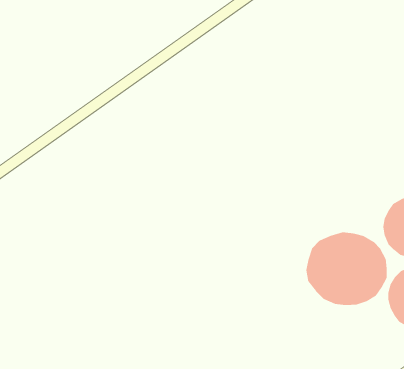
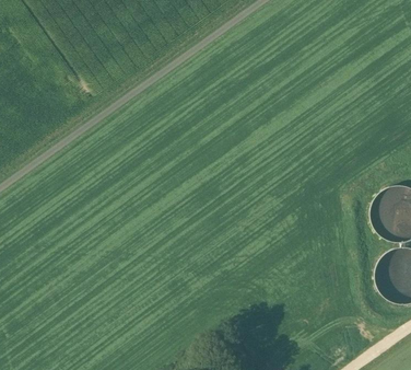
building: [305,232,388,306] -> none

